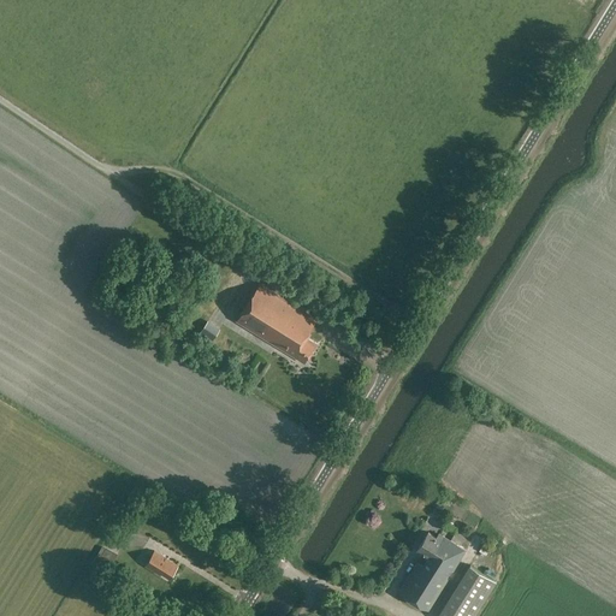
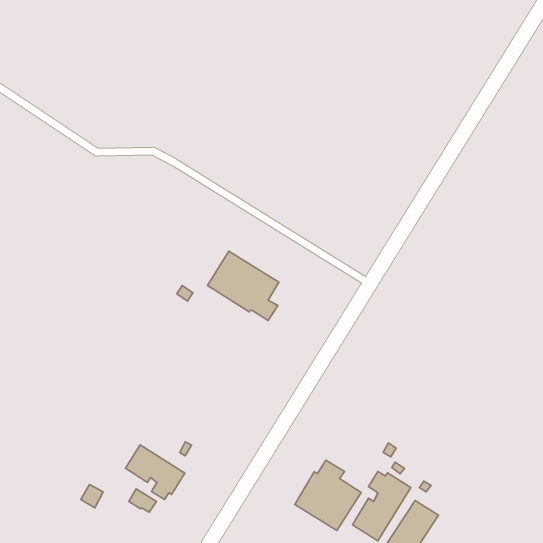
building: none -> [126,445,185,499]
building: none -> [295,460,361,531]

